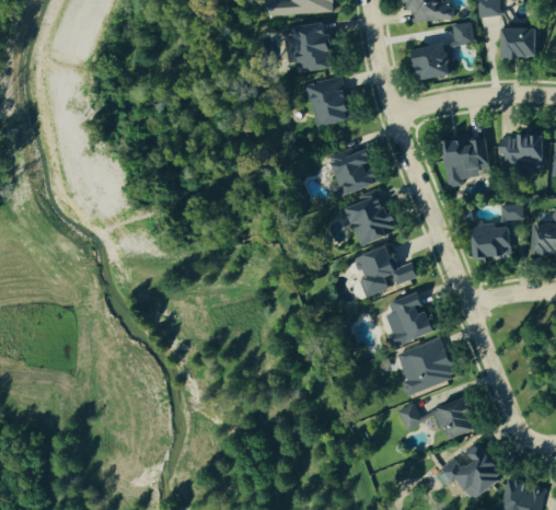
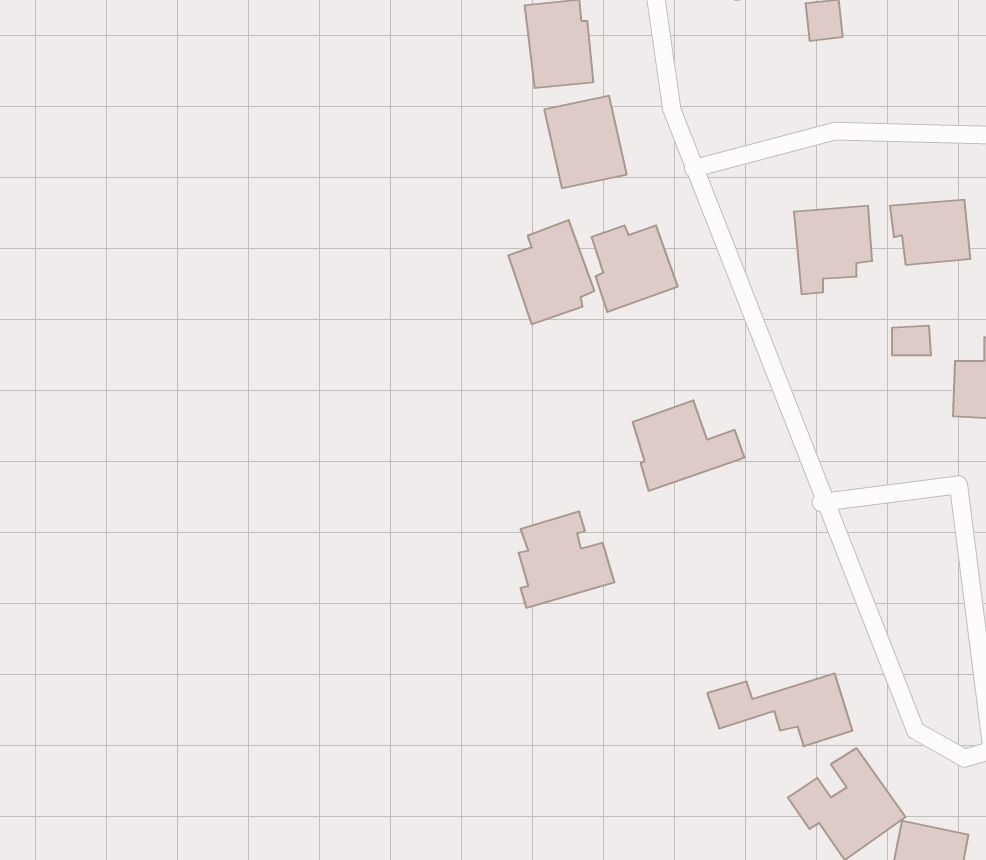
building: [501,27,535,58] -> none
building: [414,42,452,80] -> none
building: [345,187,393,245] -> [508,220,594,324]
building: [472,222,512,260] -> none
building: [384,292,438,346] -> [518,511,615,608]
building: [393,337,454,393] -> none

